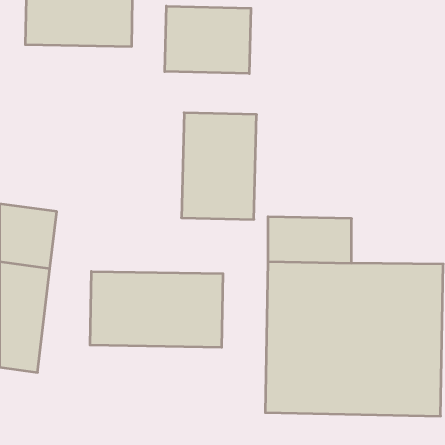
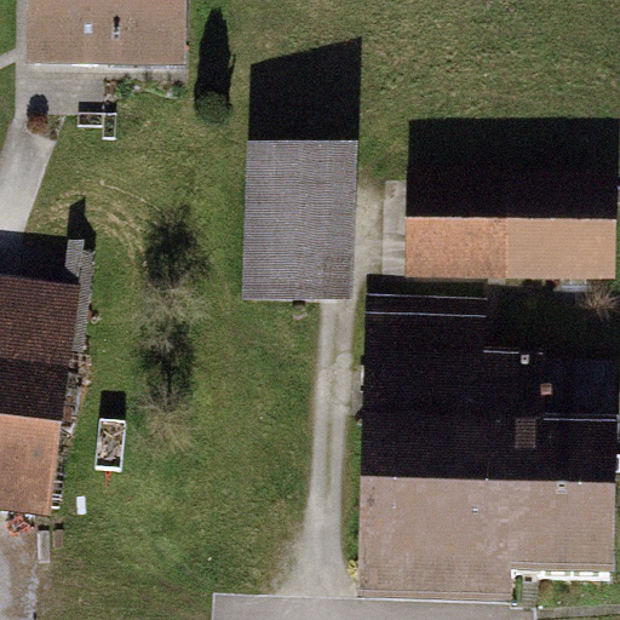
building: [165,6,251,74] -> none
building: none -> [430,178,612,281]
building: [90,271,223,347] -> none

